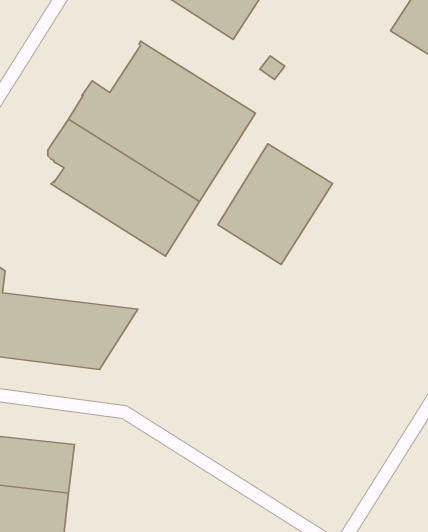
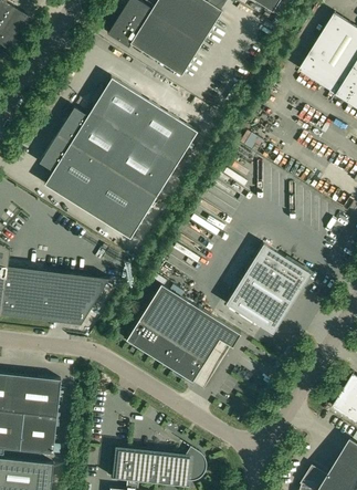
building: [218,144,333,265] -> [225,244,312,335]
building: none -> [123,284,240,382]

